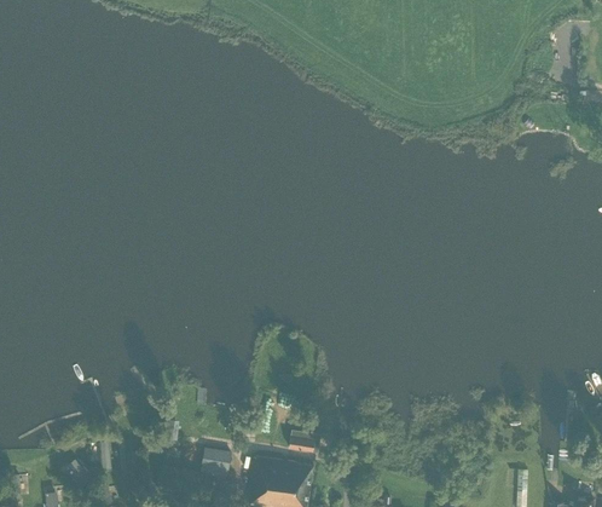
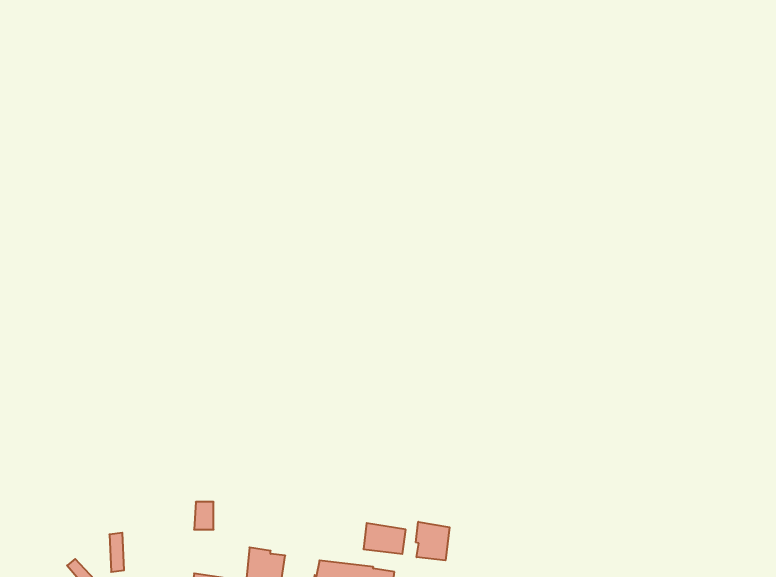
building: none -> [416,522,450,560]

